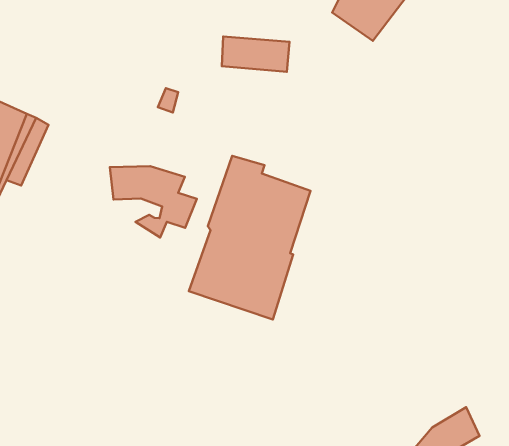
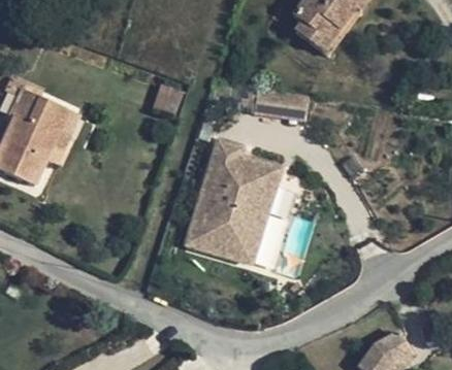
building: [222,37,289,72] -> [255,90,306,116]
building: [110,166,197,237] -> none

